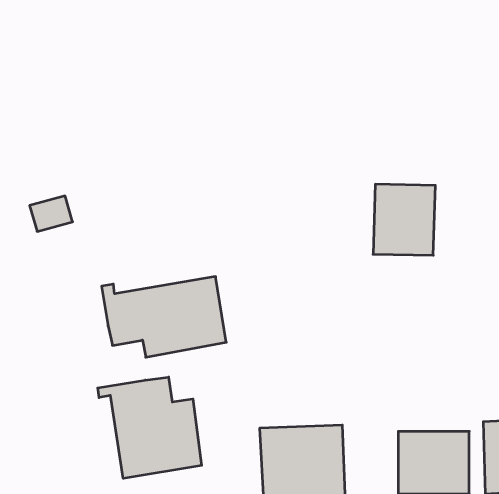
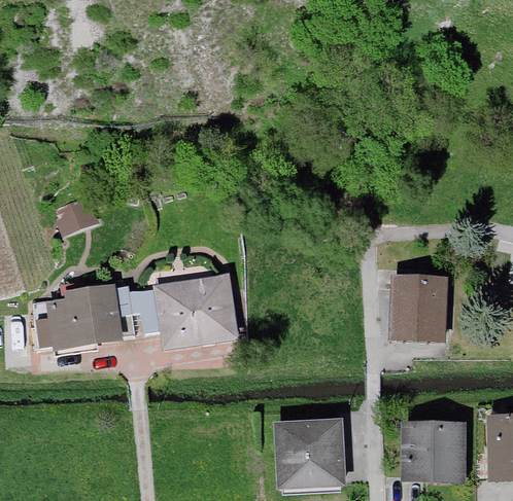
building: [373,184,435,255] -> [384,269,444,336]
building: none -> [34,283,131,354]
building: [98,377,202,478] -> none

